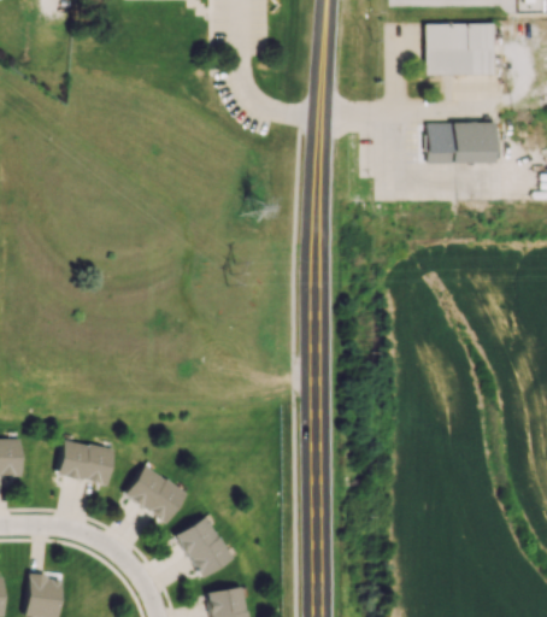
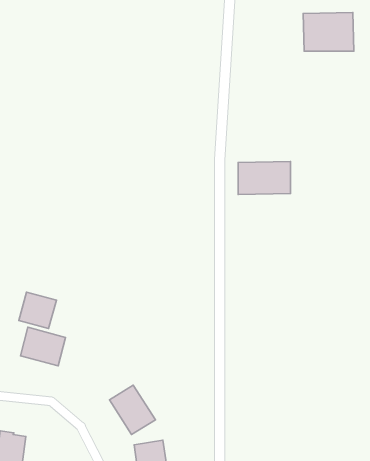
building: [428,121,496,164] -> [238,161,291,195]
building: none -> [19,292,56,329]
building: [123,463,187,524] -> none

